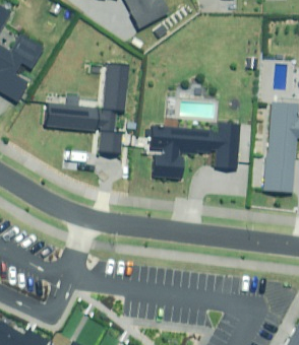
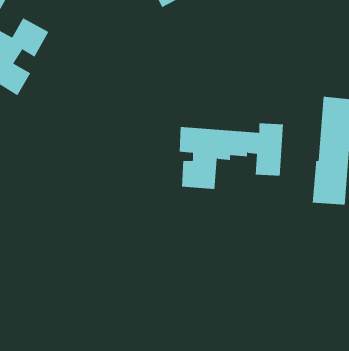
building: [47,64,129,153] -> none

